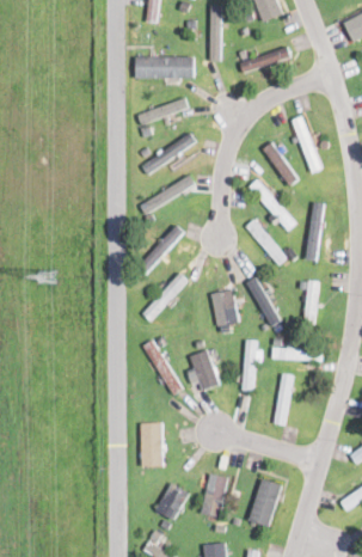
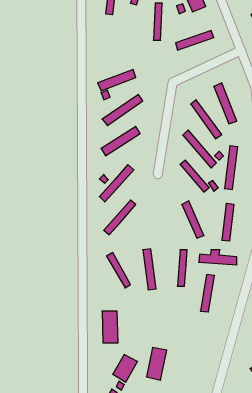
building: [134,57,195,78] -> none
building: [211,288,239,325] -> none
building: [249,477,282,526] -> none

